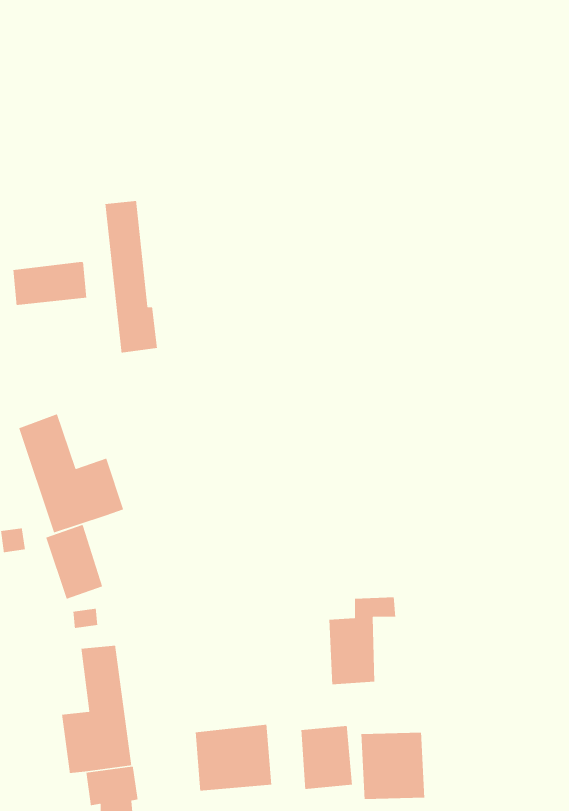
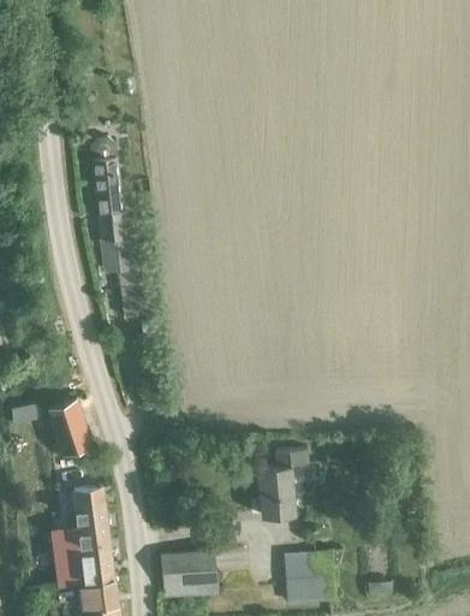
building: [13,261,87,306] -> none
building: [18,413,124,534] -> none
building: [301,725,353,790] -> none

